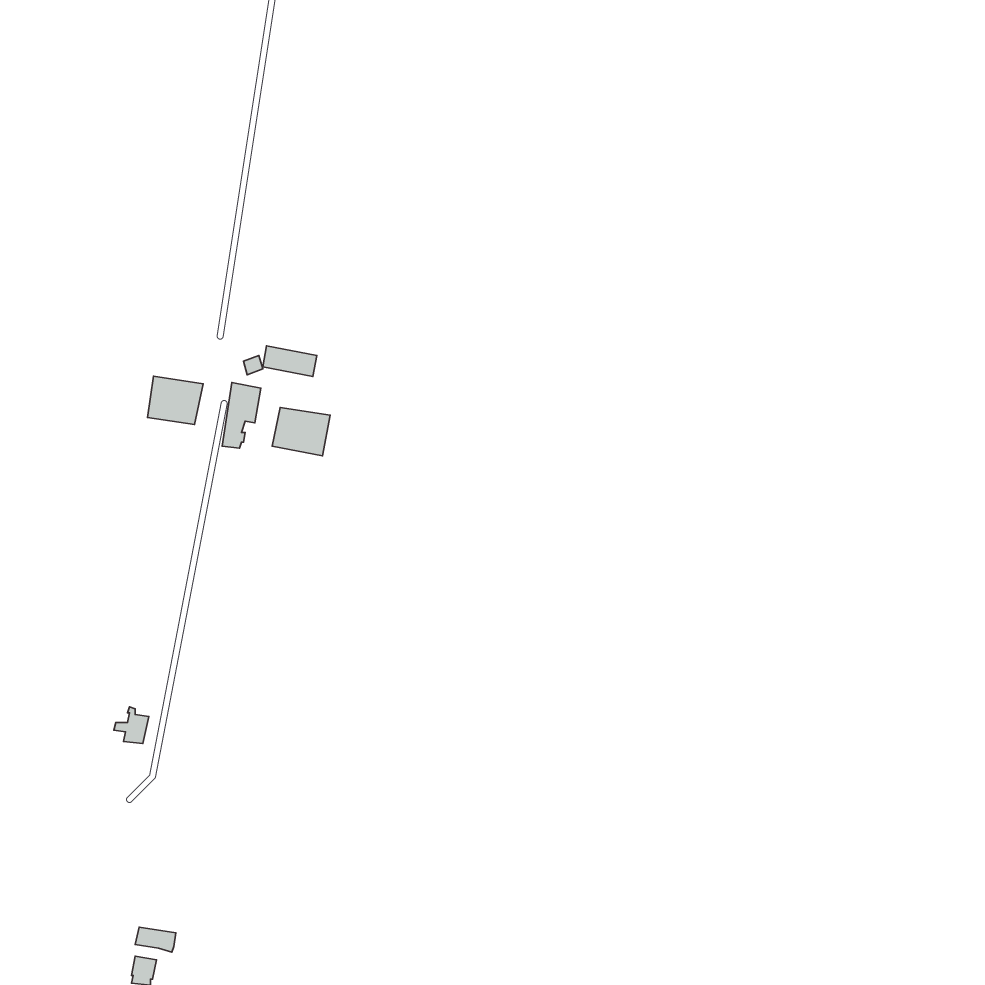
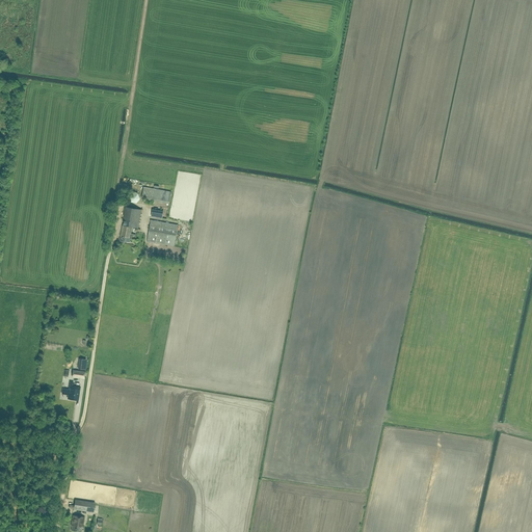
building: [147,376,203,424] -> none

